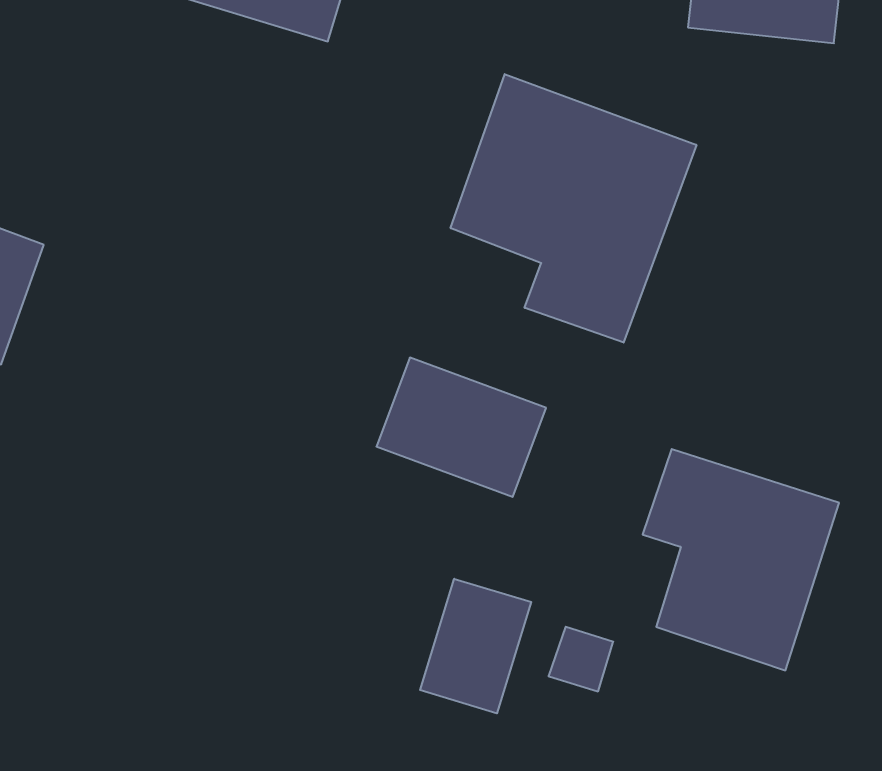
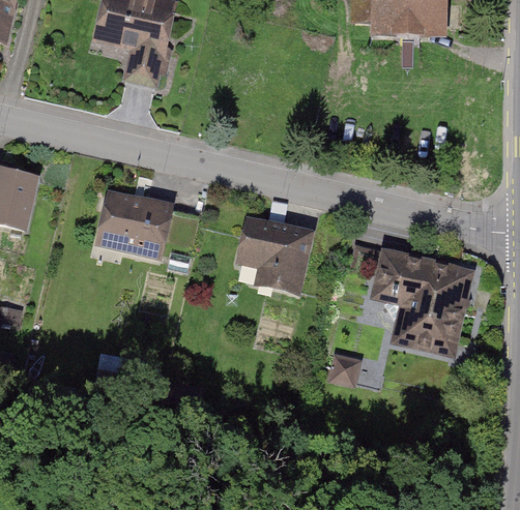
building: [451,74,696,343] -> none
building: none -> [93,185,190,258]
building: [420,579,531,713] -> none

